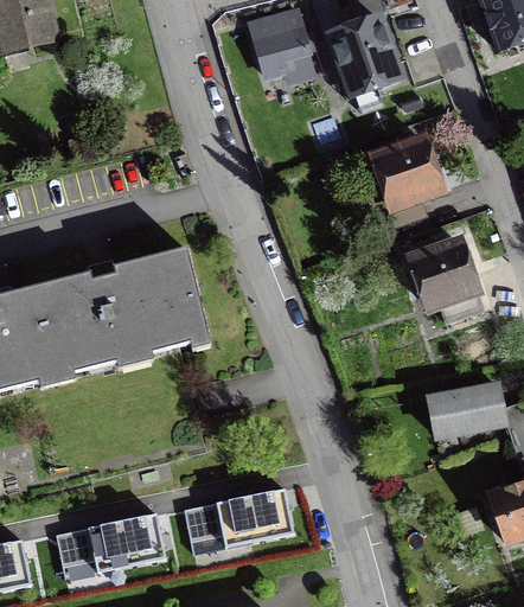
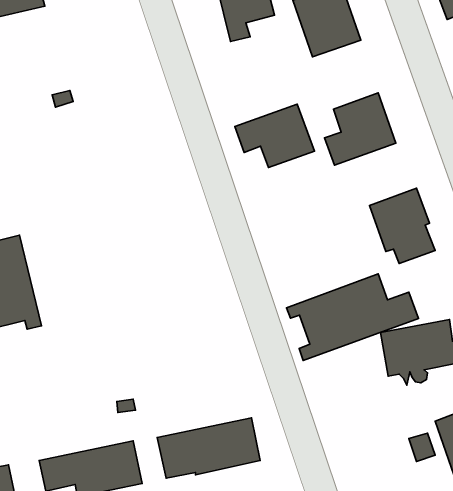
building: none -> [235,104,315,167]
building: [34,250,211,386] -> none
building: none -> [286,274,419,361]

